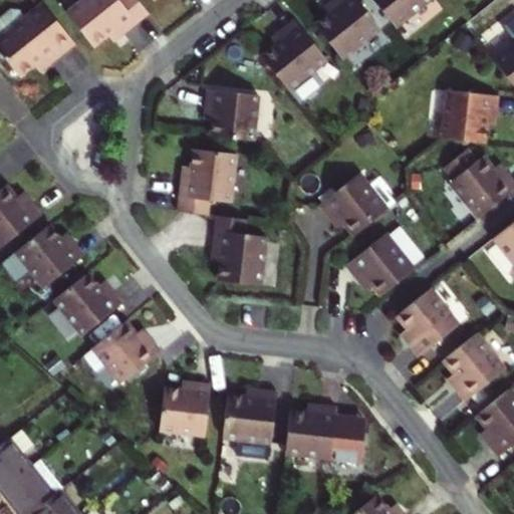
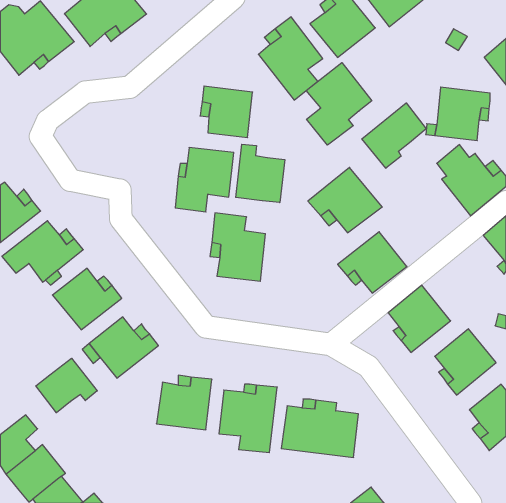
building: none -> [306,63,372,145]
building: none -> [362,103,426,168]
building: none -> [236,144,285,203]
building: none -> [36,358,97,413]

